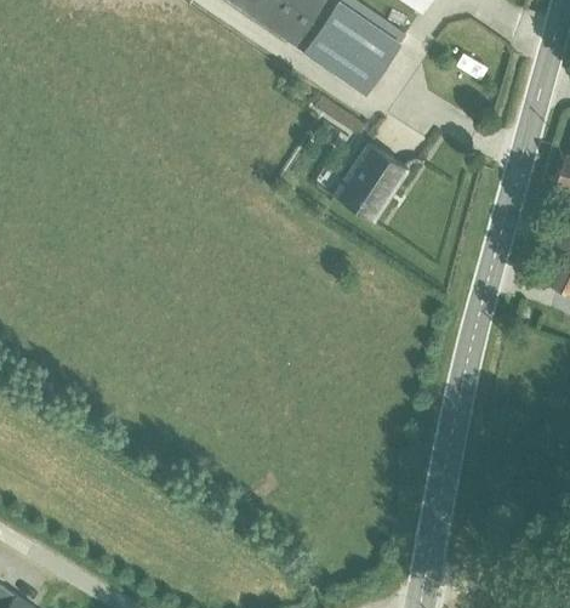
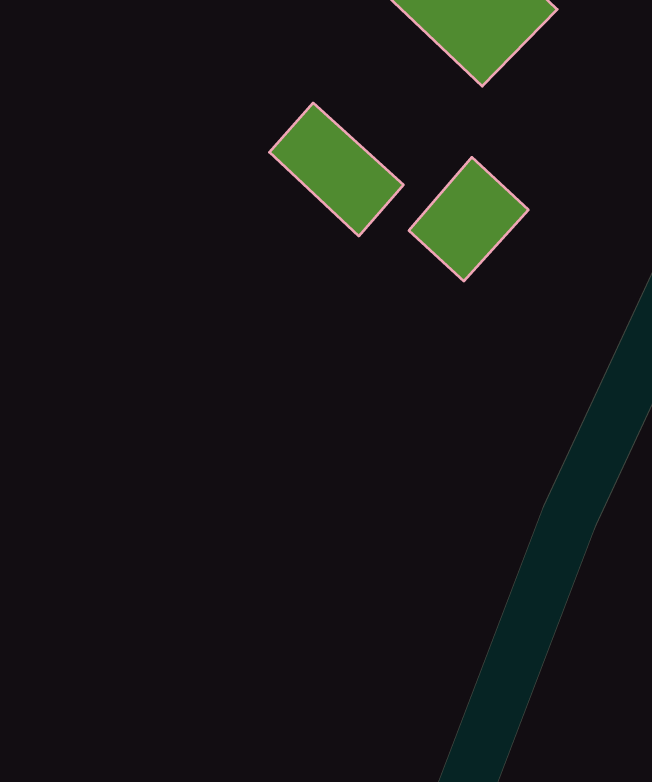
building: none -> [269,103,403,236]

